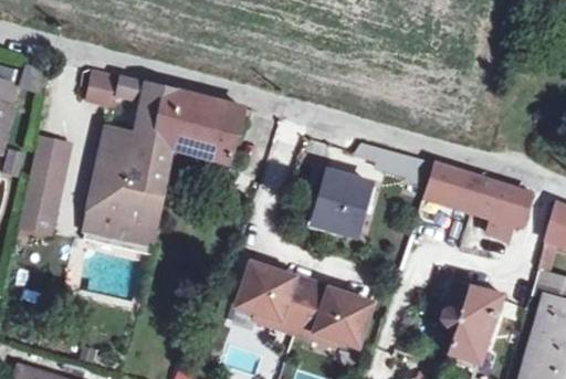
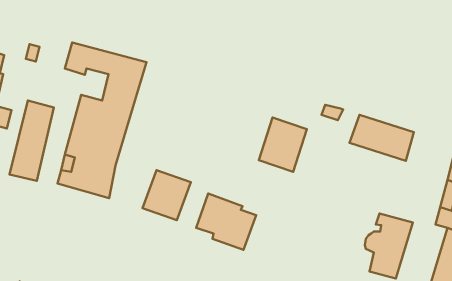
building: [164,98,231,167] -> none
building: [494,183,534,230] -> none
building: none -> [142,170,191,220]
building: [298,285,375,343] -> none

